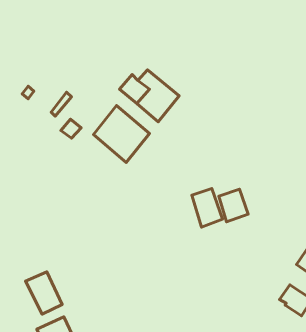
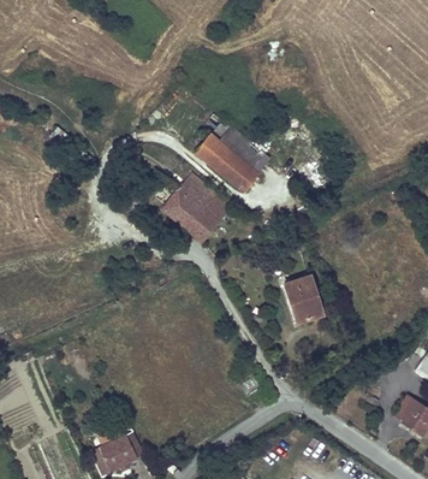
building: [219,189,248,222] -> none
building: [26,272,62,314] -> none

